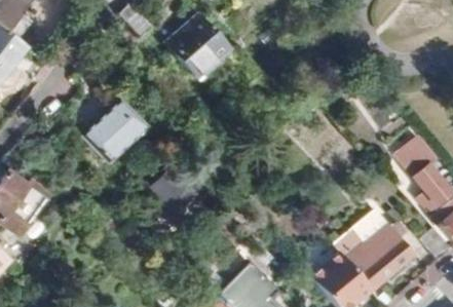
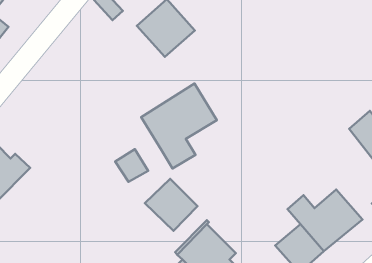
building: [85,104,146,164] -> none
building: none -> [141,83,217,169]
building: none -> [145,179,198,231]

